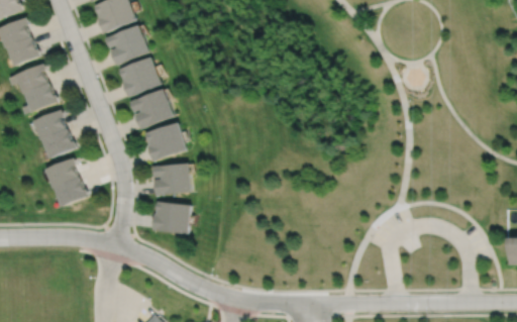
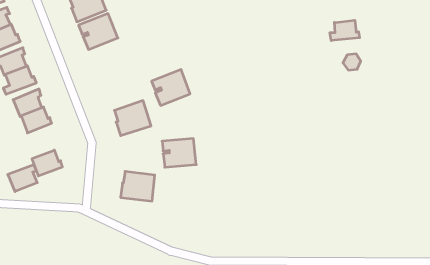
building: none -> [330,20,360,41]
building: [119,57,162,97] -> none
building: [130,89,174,129] -> [152,70,190,105]
building: [43,158,77,189] -> [8,165,37,192]
building: [153,164,192,196] -> [162,139,196,167]

